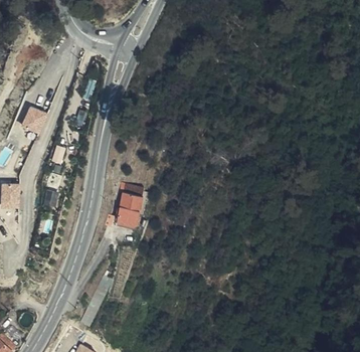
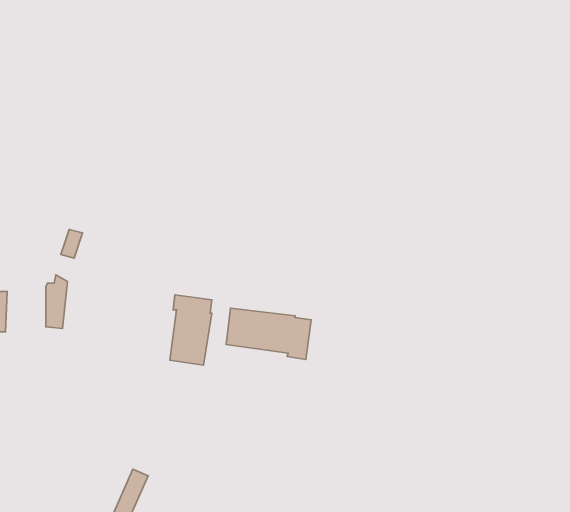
building: [22,107,47,133] -> none
building: none -> [226,308,311,360]

